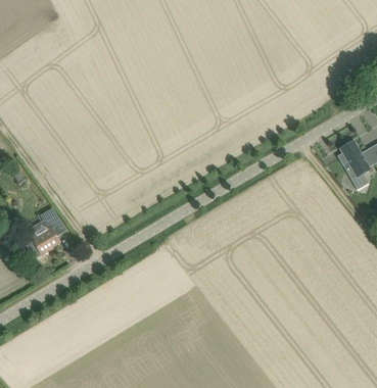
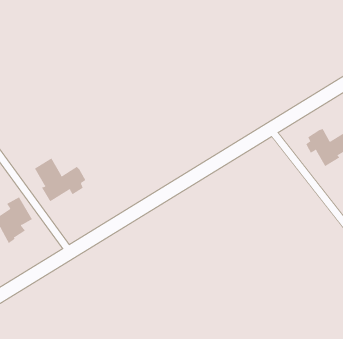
building: none -> [34,158,86,202]

